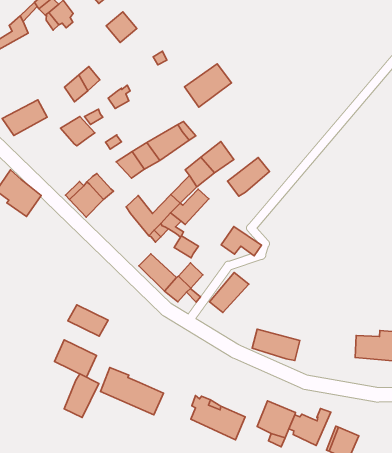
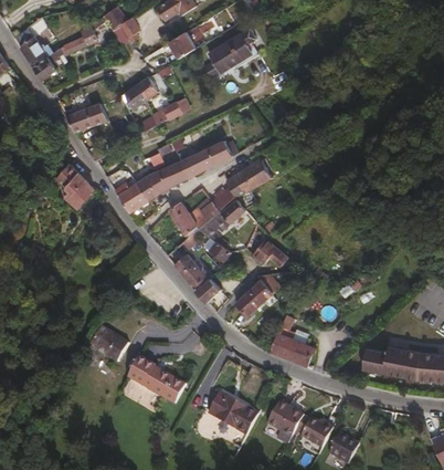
building: [185,64,231,107] -> [211,35,254,73]
building: [60,116,95,146] -> [146,167,177,194]
building: [227,157,269,196] -> none
building: [68,305,108,336] -> none
building: [64,374,99,417] -> none

